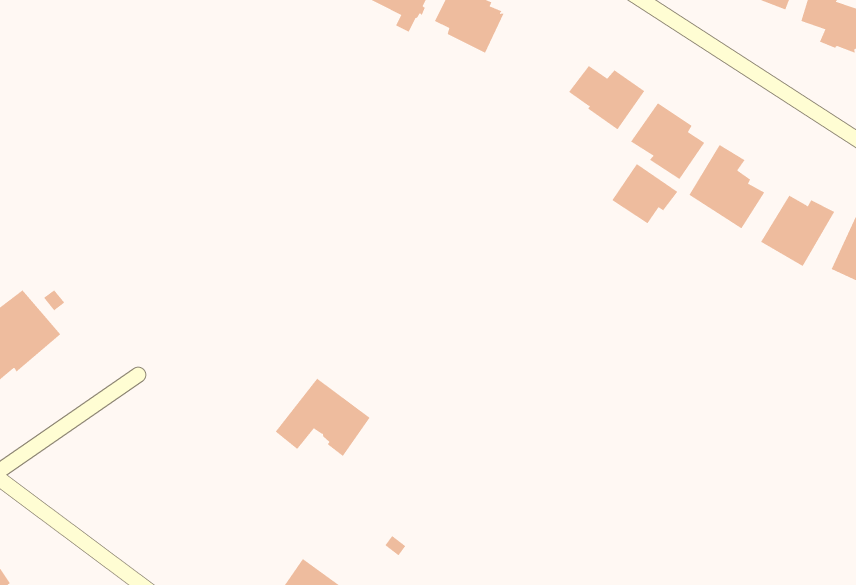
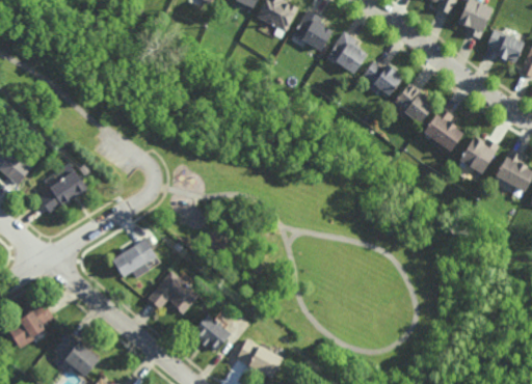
building: none -> [328,32,367,76]
building: [611,163,678,224] -> none
building: [275,378,371,457] -> [148,272,198,314]
building: none -> [111,239,156,277]

